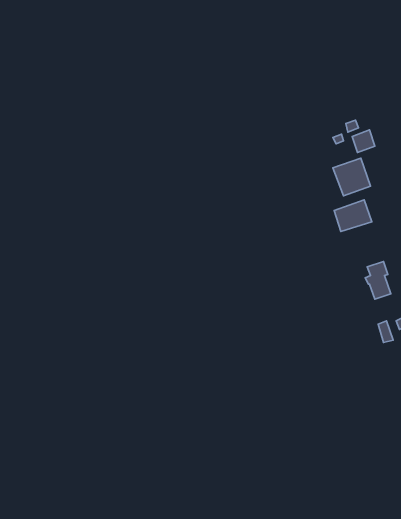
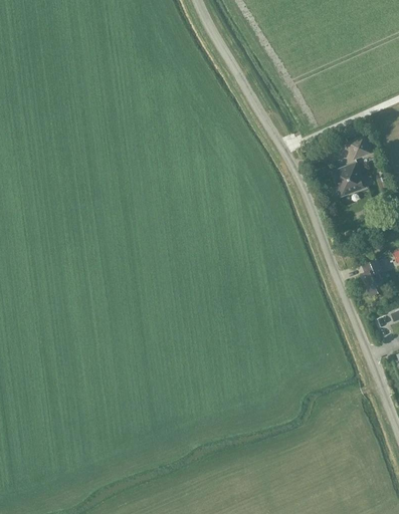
building: [334,200,372,232] -> none

